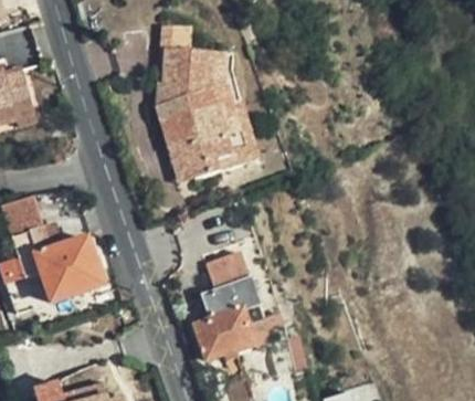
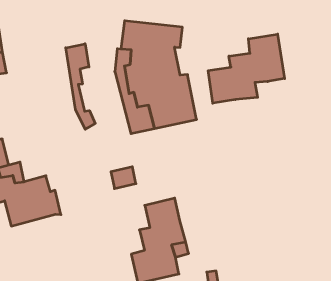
building: none -> [208,34,285,103]
building: none -> [66,44,95,129]

